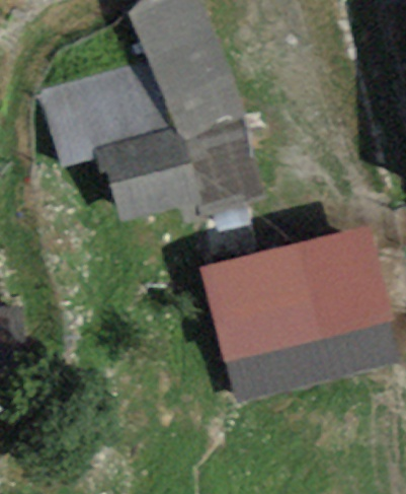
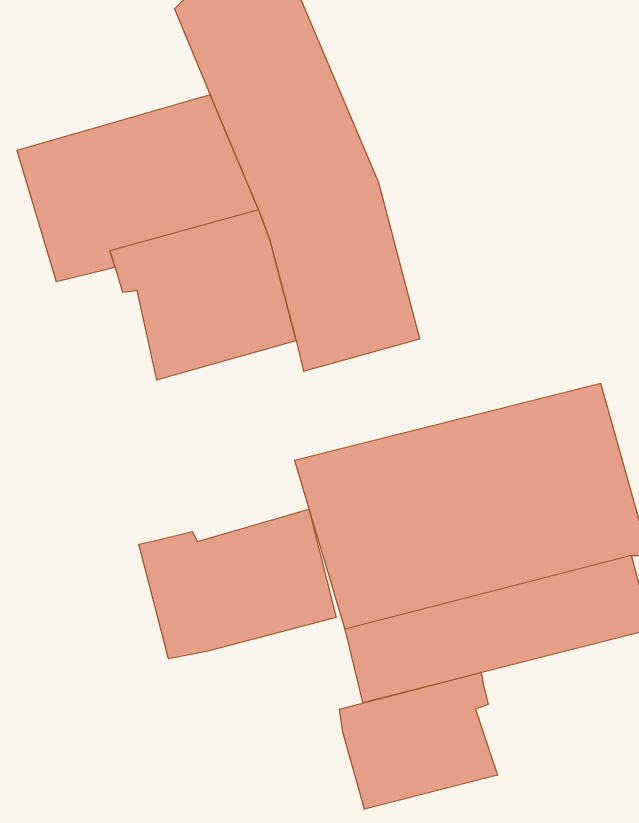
building: none -> [139,509,336,659]
building: none -> [340,672,498,809]

